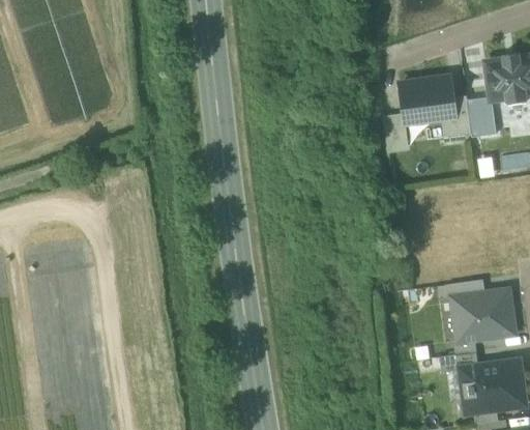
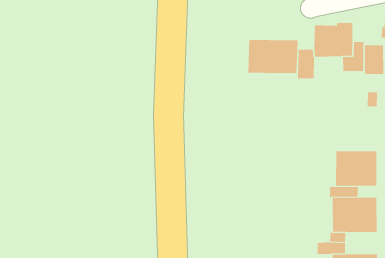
building: none -> [248,39,298,74]
building: none -> [335,150,377,187]

